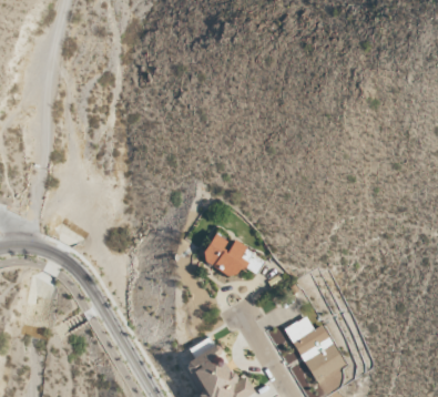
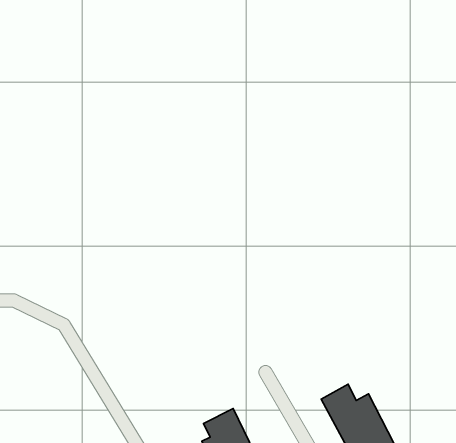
building: [200,235,266,281] -> none

